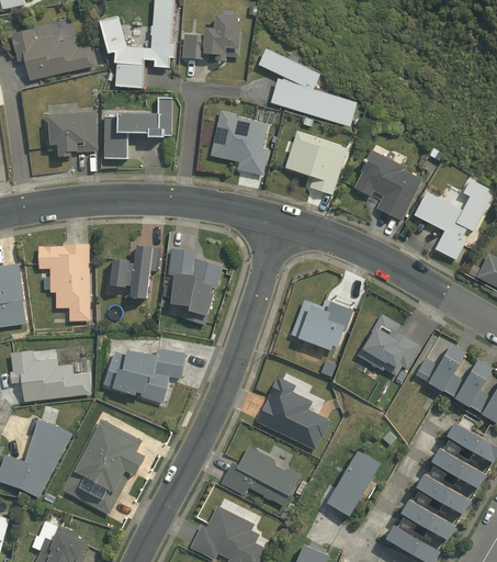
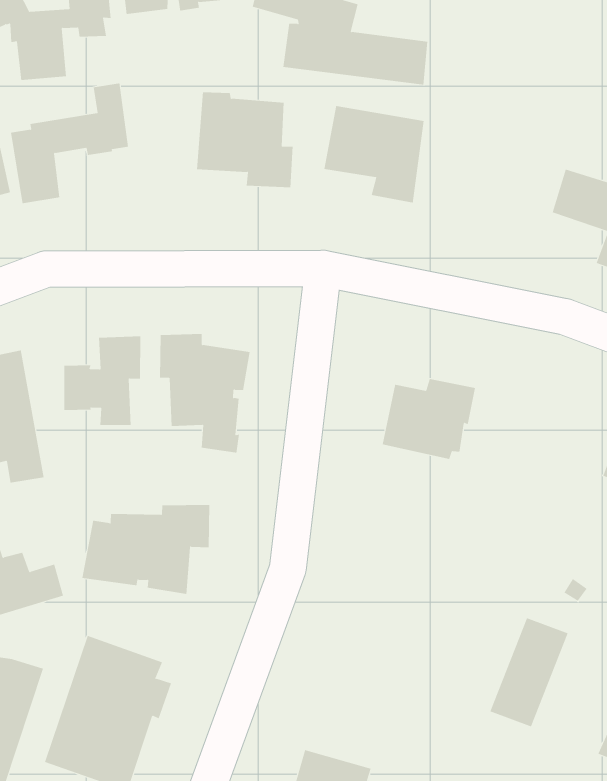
building: [353,149,421,221] -> none
building: [357,314,419,375] -> none
building: [255,375,331,450] -> none
building: [221,445,300,505] -> none

